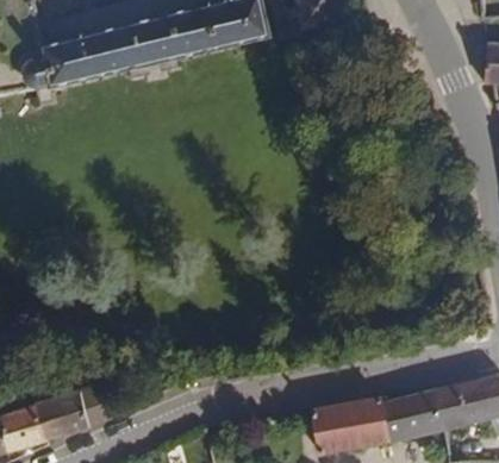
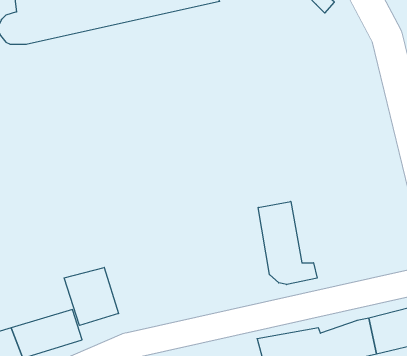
building: none -> [258,201,317,285]
building: none -> [64,267,119,325]

